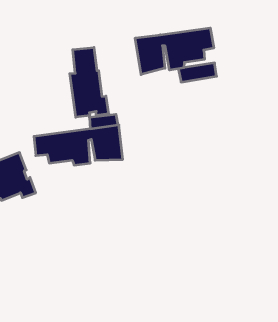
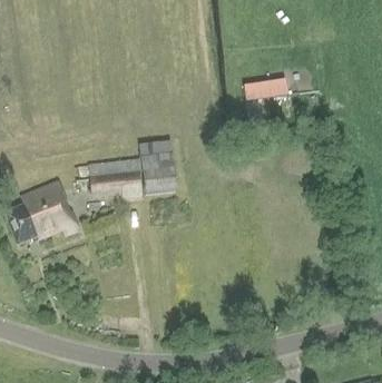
building: [135,28,214,75] -> none
building: [70,47,109,117] -> none

